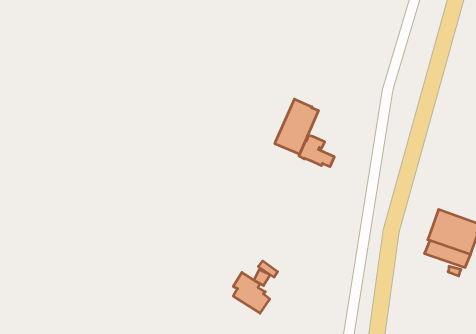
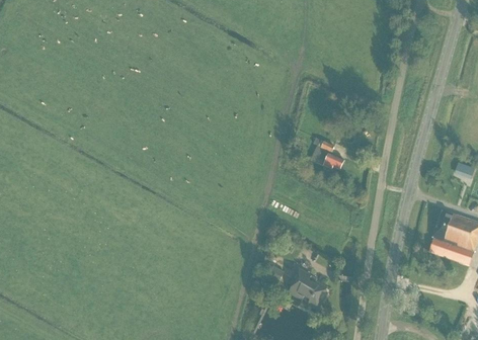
building: [275,99,318,154] -> none
building: [233,272,270,313] -> [290,268,324,307]

